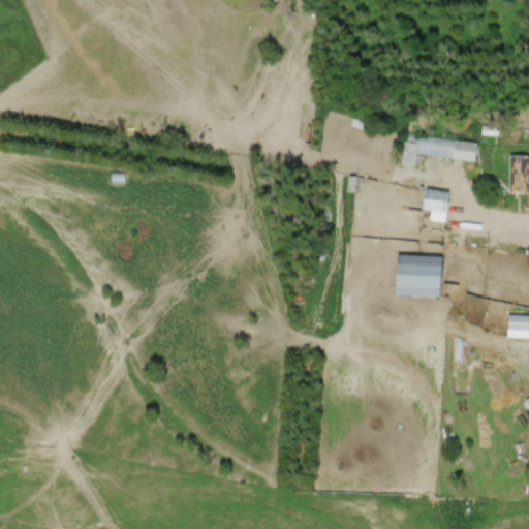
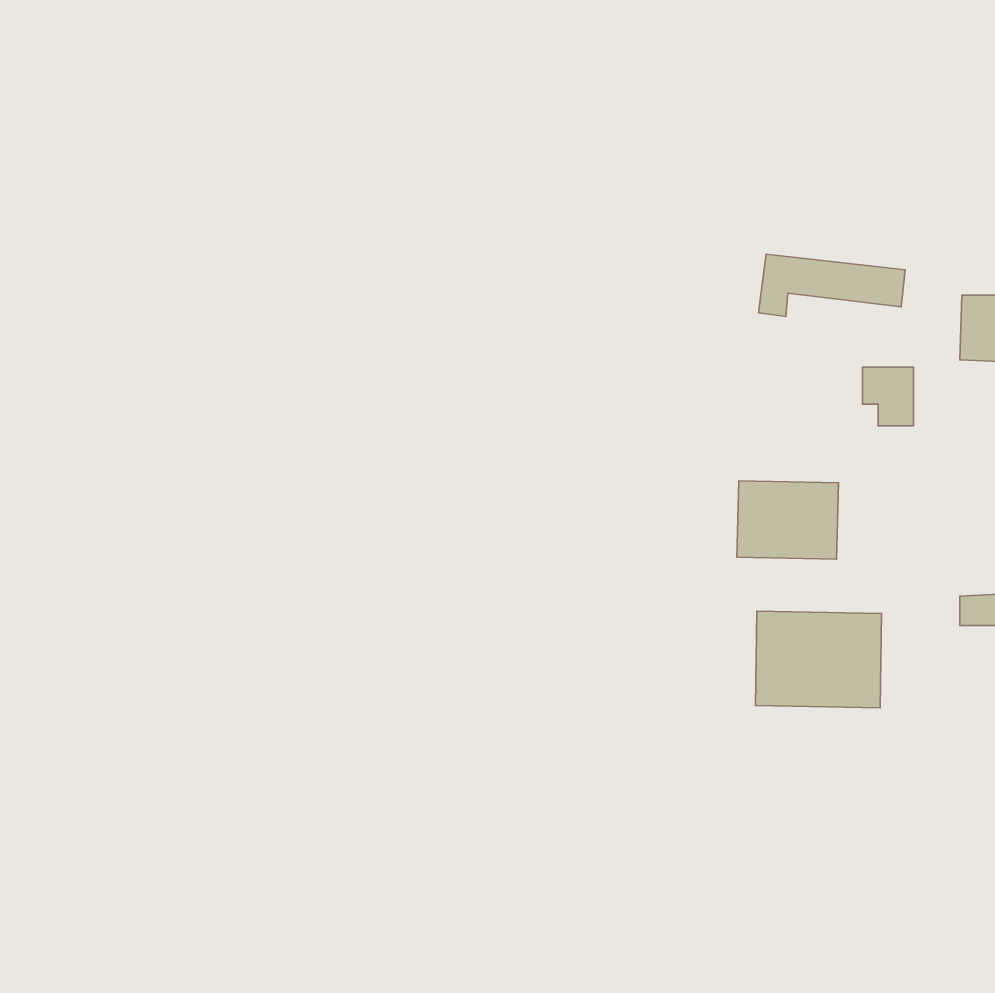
building: [422,190,448,221] -> [863,367,913,426]
building: none -> [756,611,882,708]

